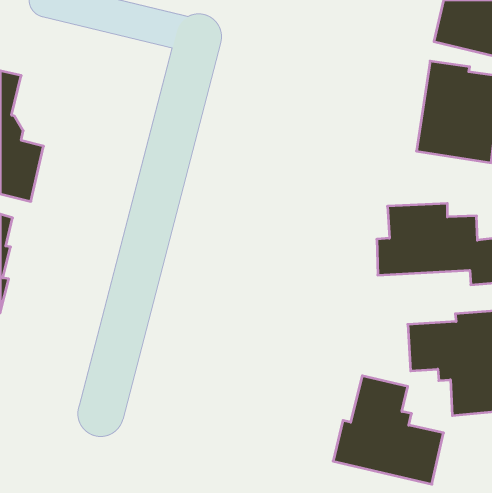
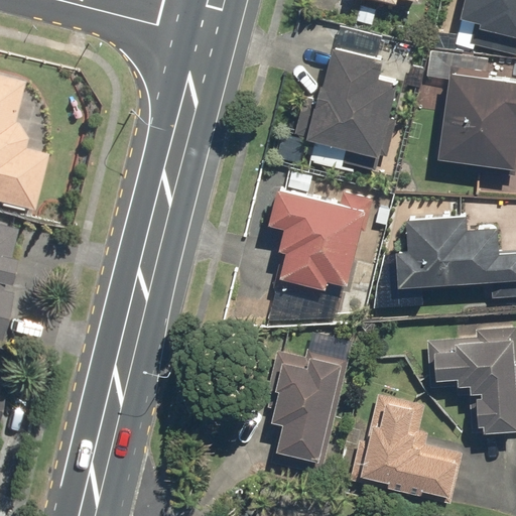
building: none -> [294,45,399,172]
building: none -> [268,187,370,301]
building: none -> [268,349,351,477]

